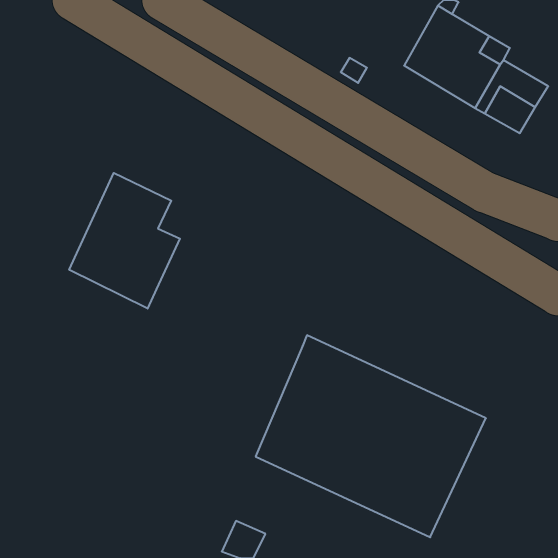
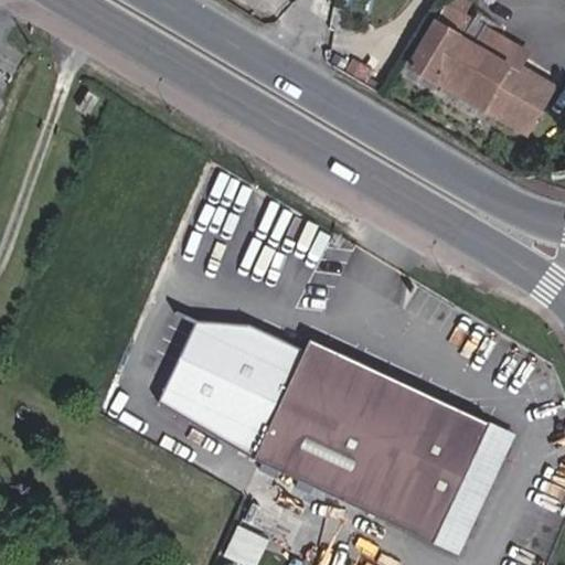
building: [69,173,180,309] -> none
building: none -> [157,320,306,461]
building: none -> [435,423,515,555]

